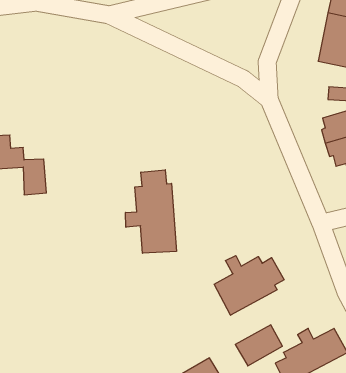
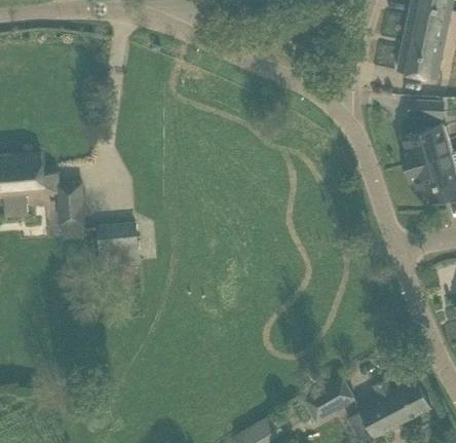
building: [126,170,176,253] -> none
building: none -> [98,224,140,268]
building: [214,256,284,315] -> none

